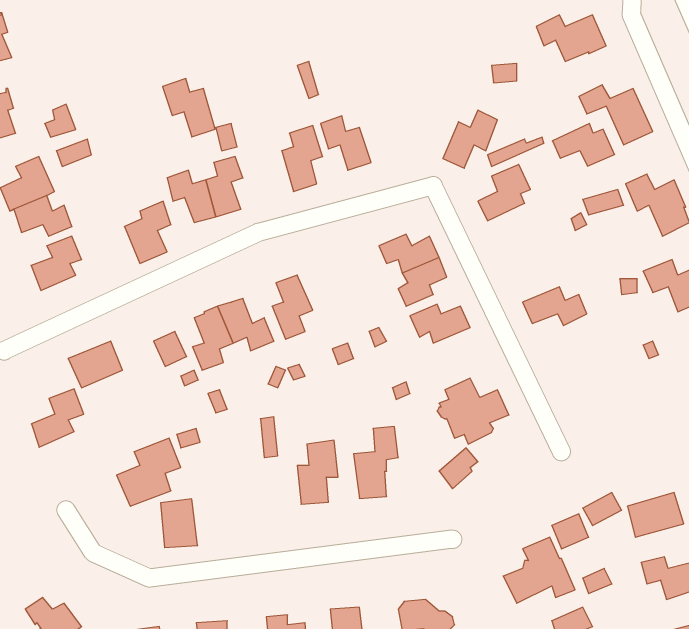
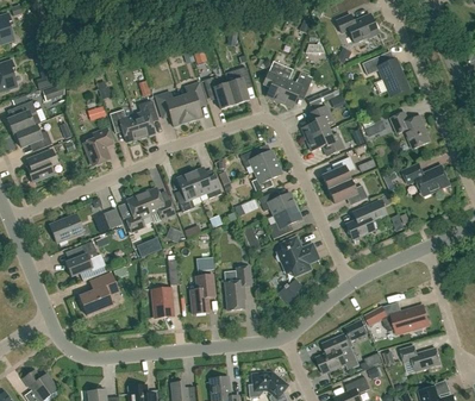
building: [163,79,215,137] -> [155,90,187,126]
building: none -> [264,59,293,101]
building: none -> [227,65,250,104]
building: [552,123,615,166] -> [306,129,344,155]
building: none -> [321,156,355,189]
building: none -> [189,167,221,198]
building: none -> [345,200,386,238]
building: none -> [268,205,301,238]
building: [31,389,84,447] -> [65,240,98,276]
building: [161,499,198,548] -> [151,287,174,317]

